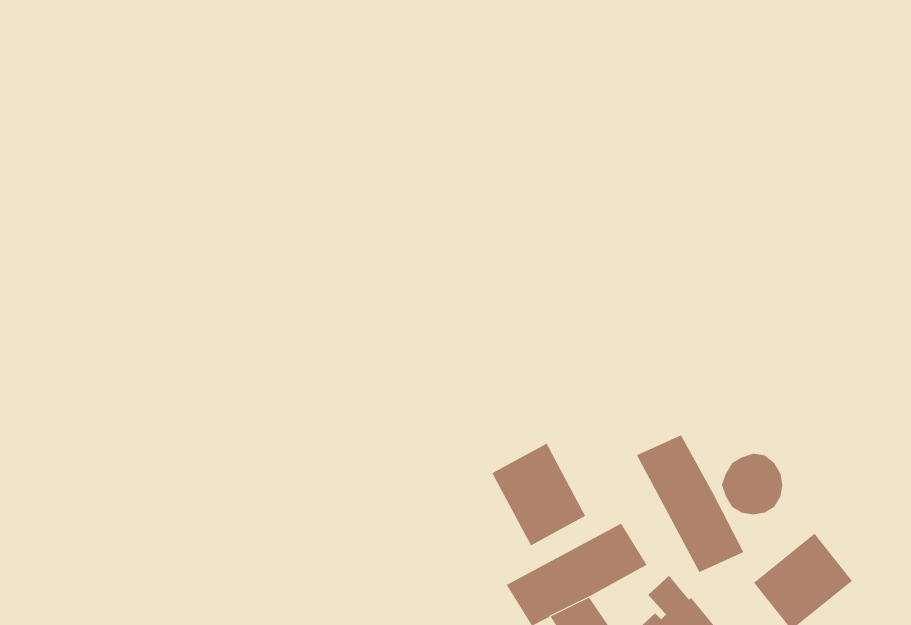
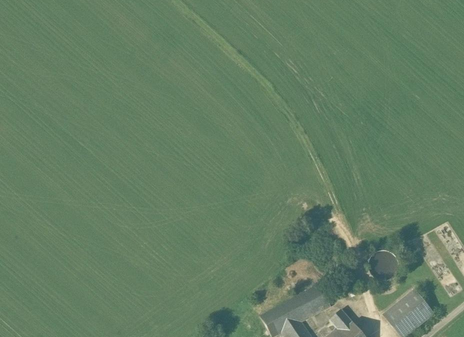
building: [636,434,744,573] -> none
building: [492,443,586,546] -> none

